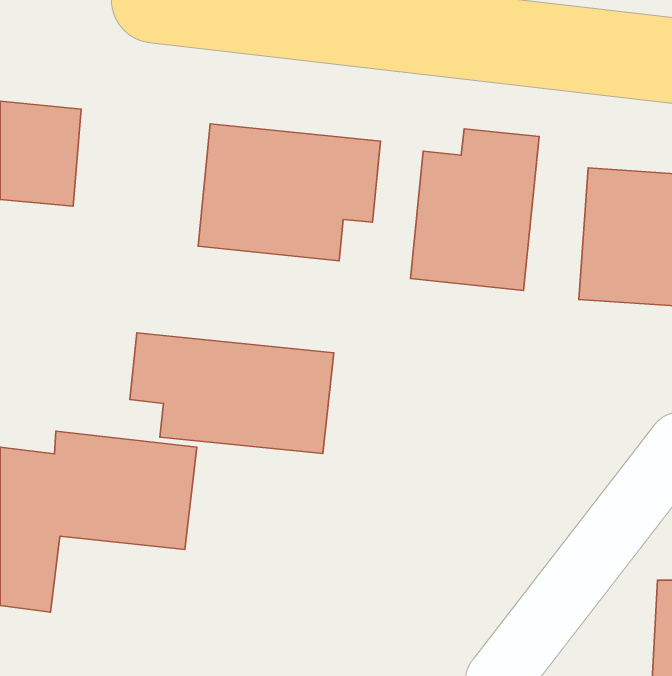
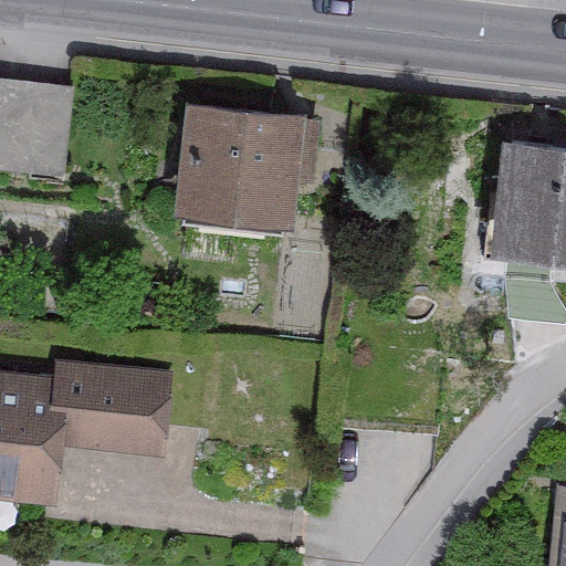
building: [411,129,539,290] -> none
building: [130,333,334,454] -> none

